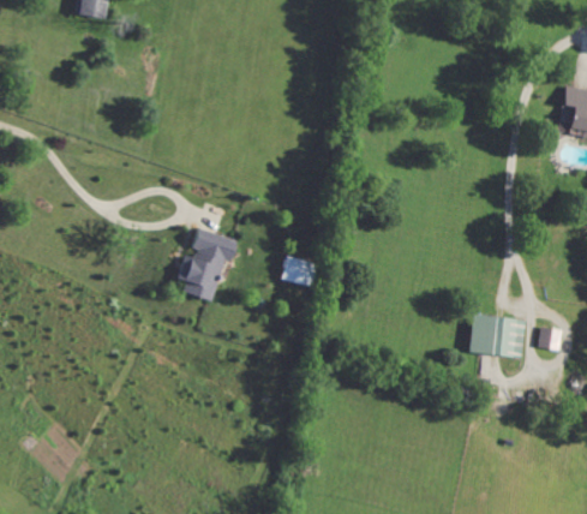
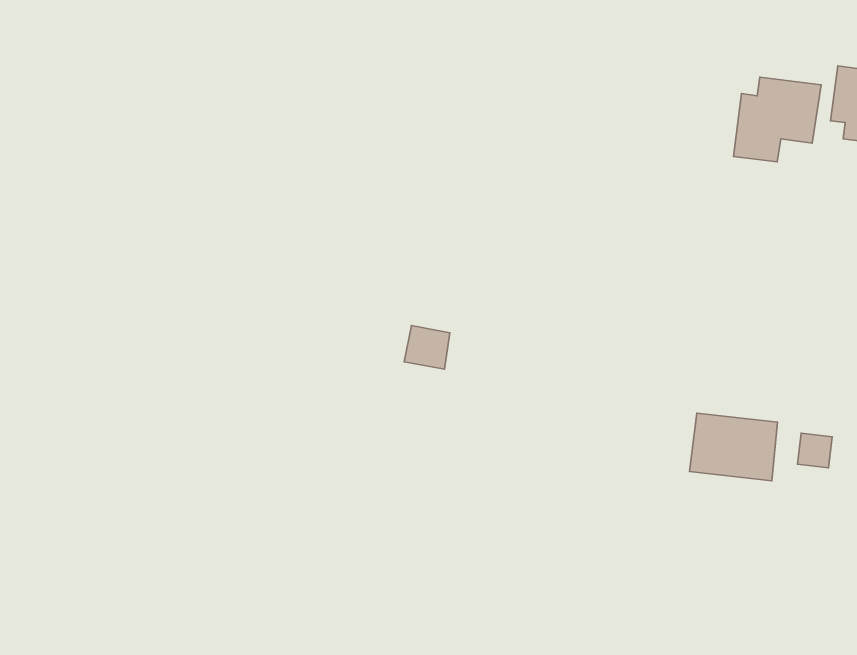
building: none -> [734,77,821,162]
building: [178,228,236,300] -> none

